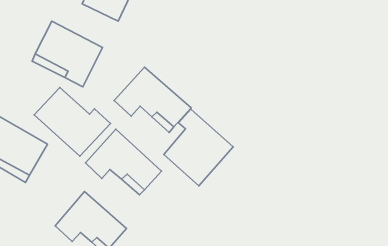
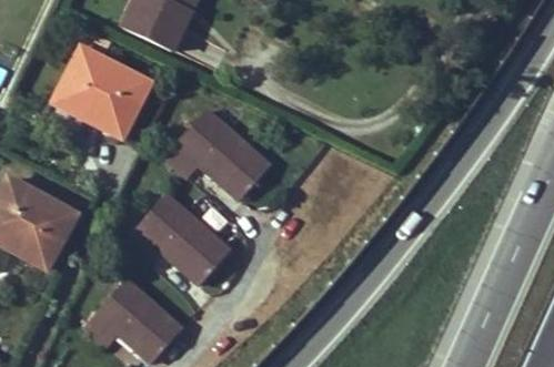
building: [34,87,111,156] -> none
building: [164,109,233,186] -> none

